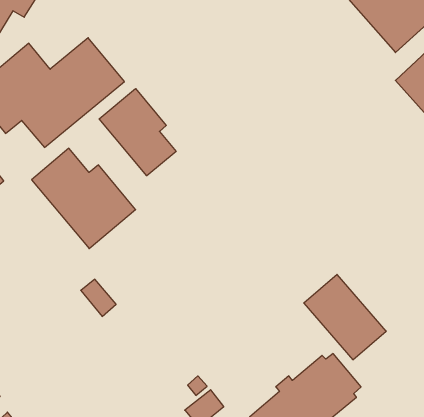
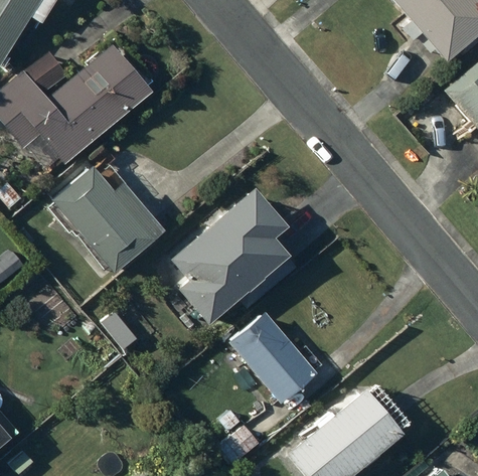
building: [99,89,176,176] -> none
building: none -> [170,186,297,324]
building: [304,274,386,360] -> [228,312,318,405]

